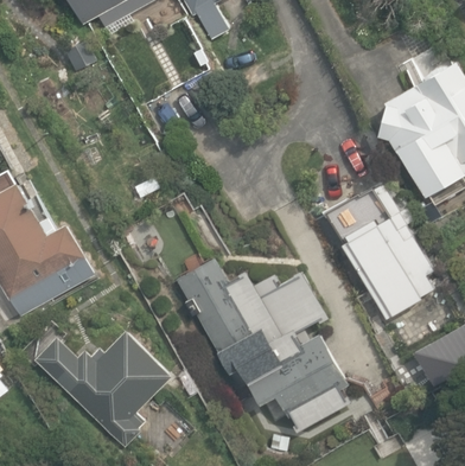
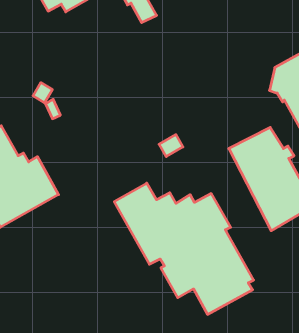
building: [32,327,174,448] -> none

